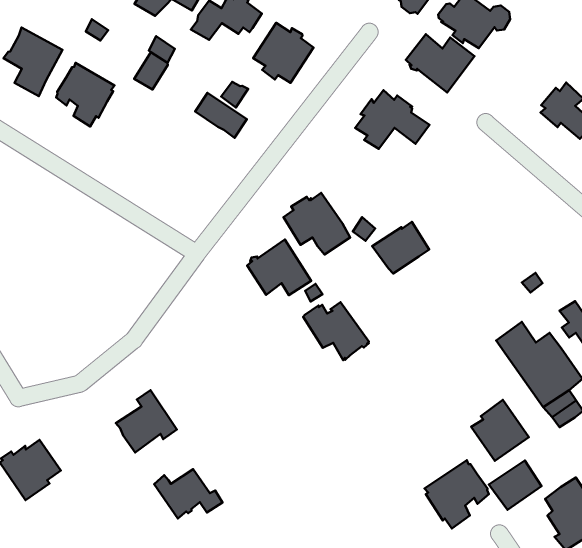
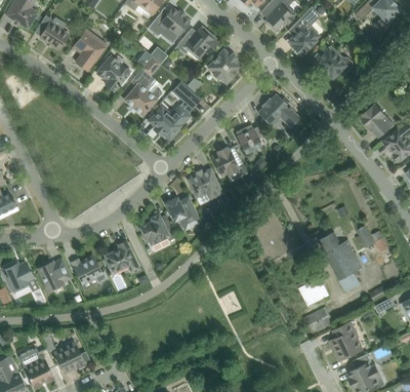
building: [406,34,474,92] -> none
building: none -> [124,77,162,115]
building: none -> [149,102,189,140]
building: [372,222,429,273] -> [237,126,268,153]
building: [303,302,369,360] -> [166,197,200,229]
building: none -> [140,214,175,244]
building: [425,460,489,529] -> none
building: [154,469,222,518] -> [72,258,108,283]

